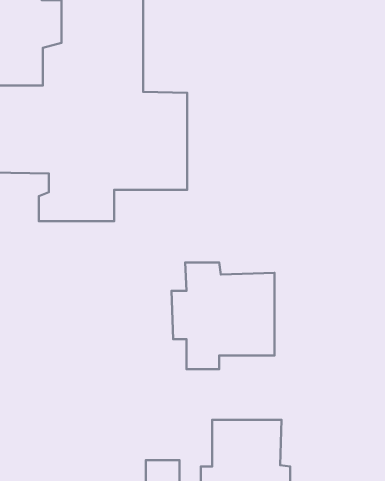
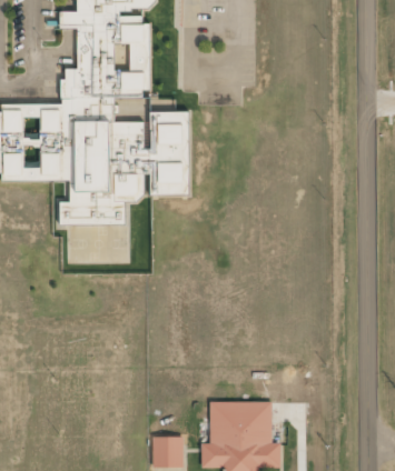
building: [172,262,274,369] -> none

